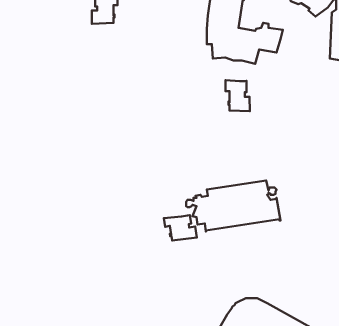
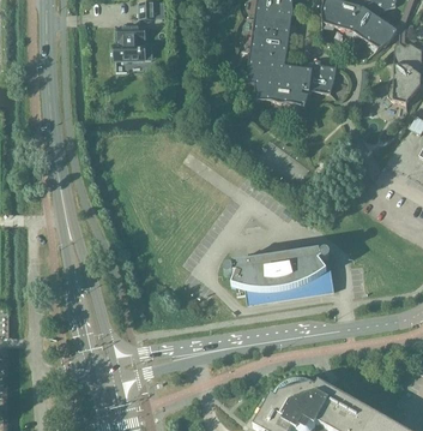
building: [225,80,250,111] -> none
building: [164,215,197,240] -> none

